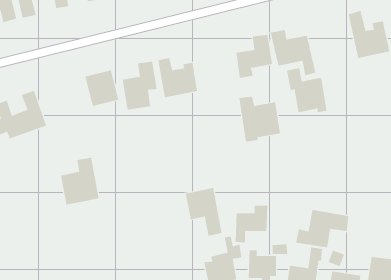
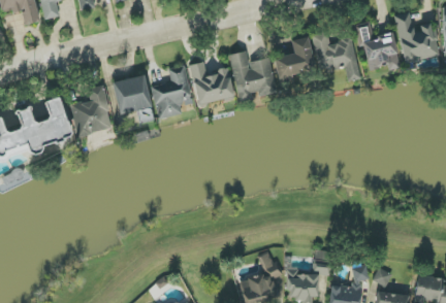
building: [286,68,328,113] -> [355,22,400,70]
building: [238,96,281,142] -> [230,52,276,101]
building: [60,157,100,205] -> [70,85,113,136]
building: [185,187,222,237] -> none
building: [235,205,268,243] -> none
building: [296,209,349,248] -> none

